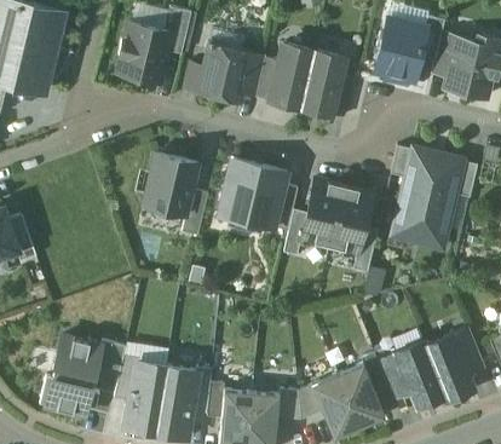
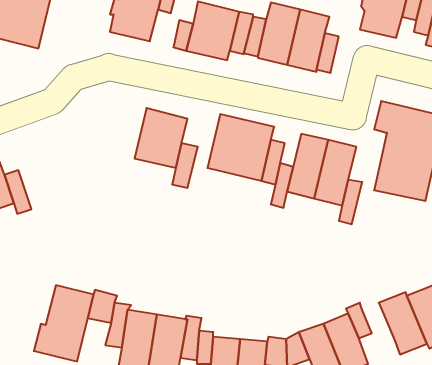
building: [378,354,411,402] -> none

